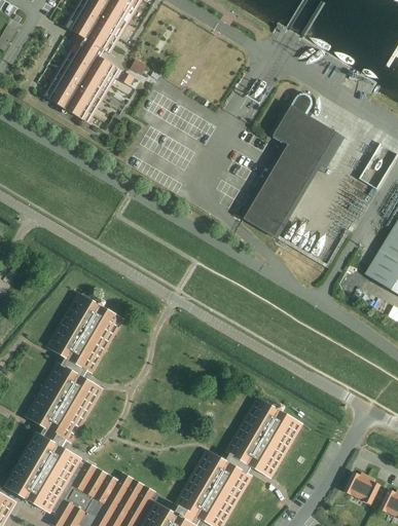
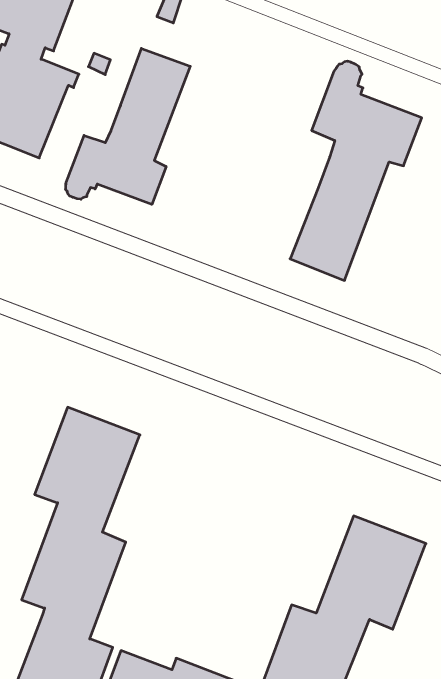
building: none -> [66,48,190,204]

